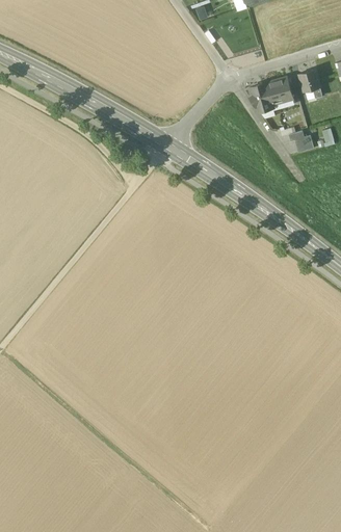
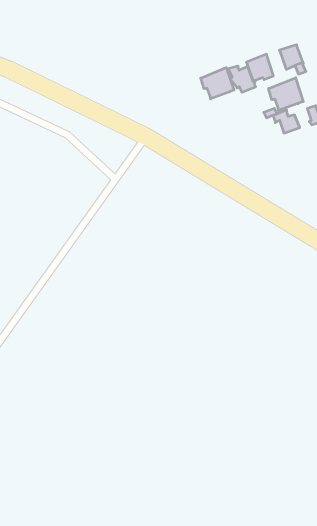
building: none -> [201,68,234,99]
building: none -> [269,78,303,111]

